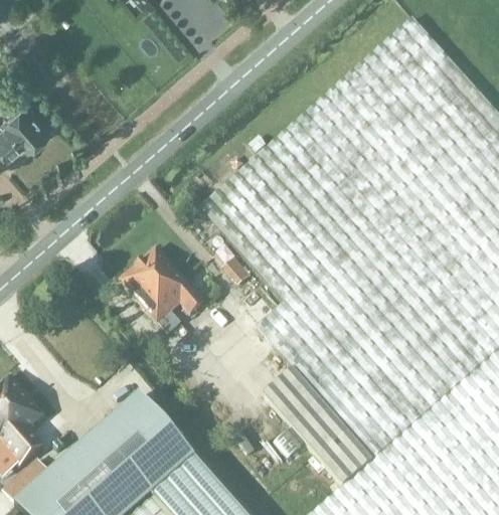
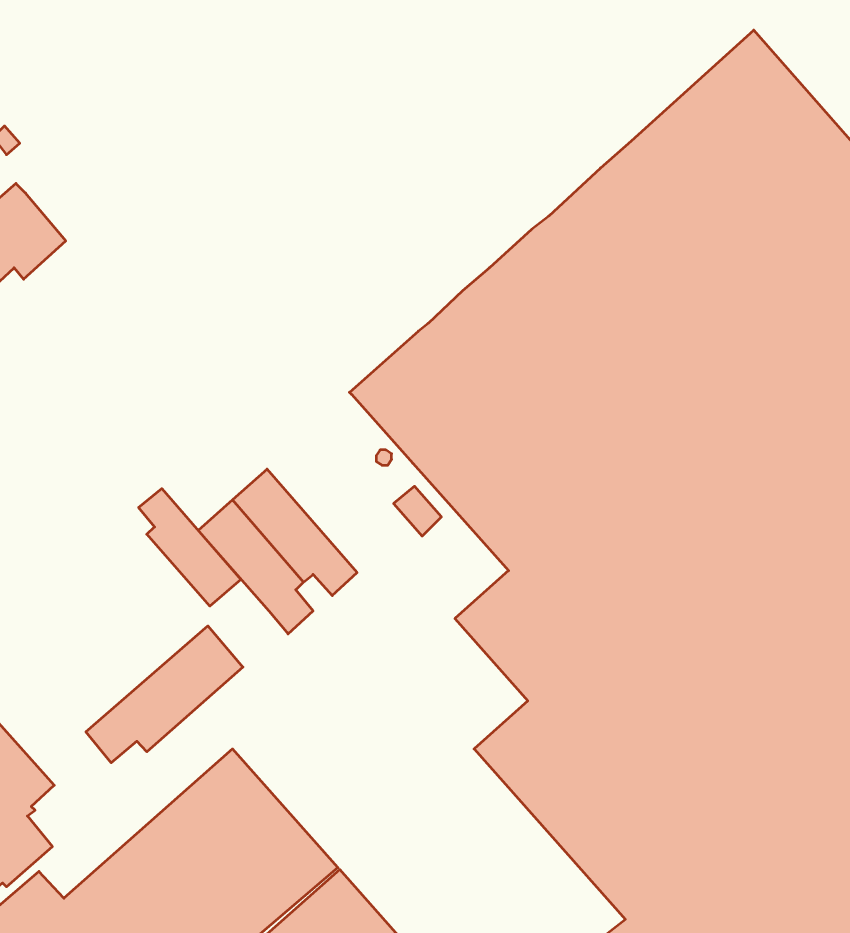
building: none -> [139,489,241,606]
building: none -> [86,626,243,763]

